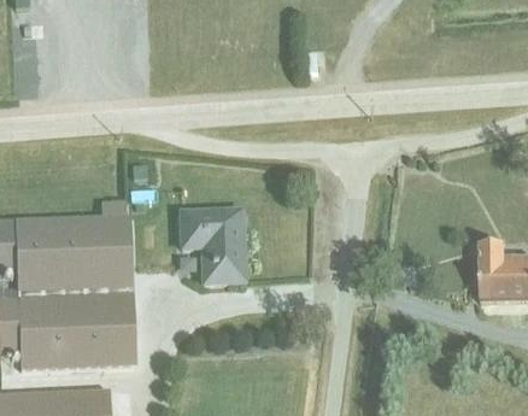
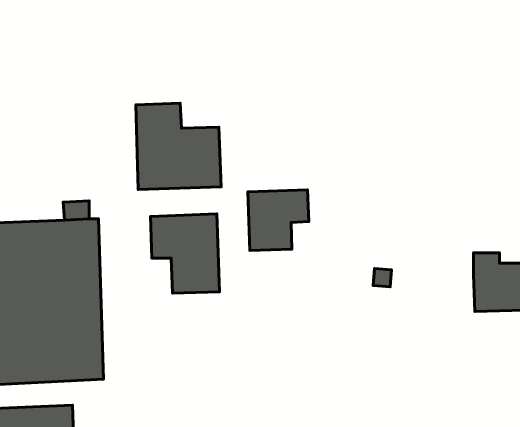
building: none -> [136,103,221,190]
building: none -> [248,190,309,251]

